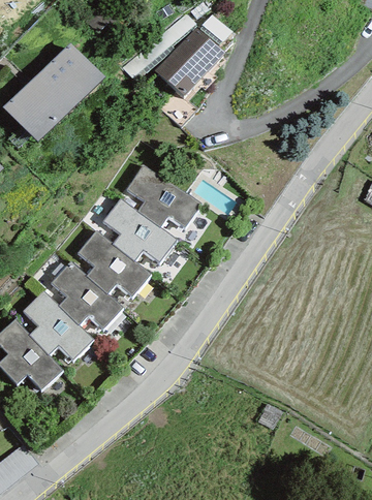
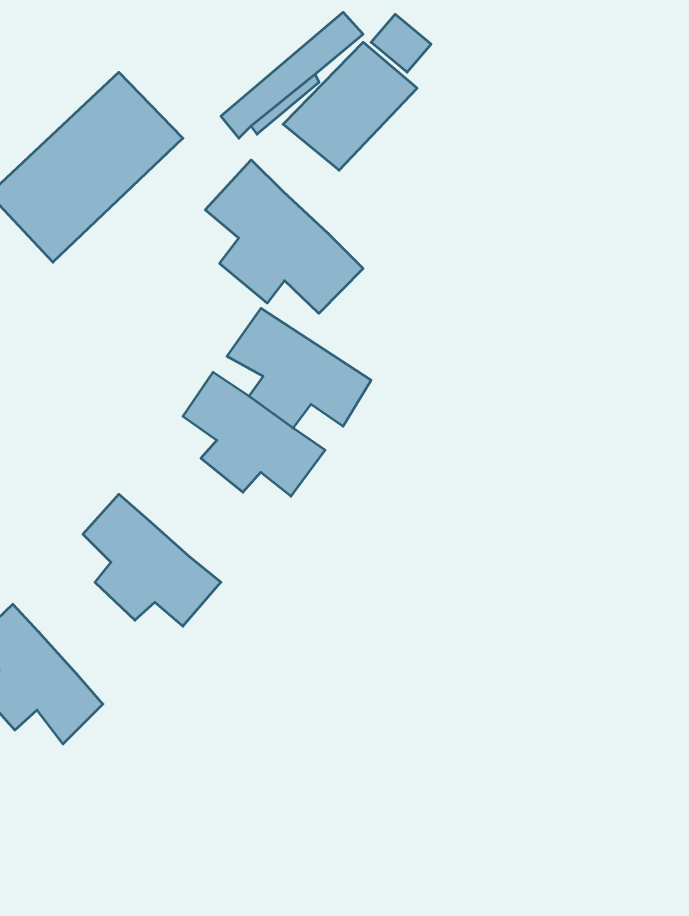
building: none -> [205,160,363,313]
building: [78,231,149,298] -> none
building: [22,292,92,360] -> none

